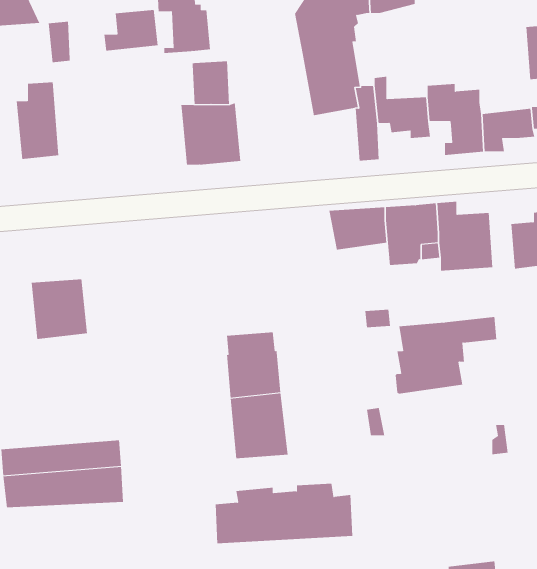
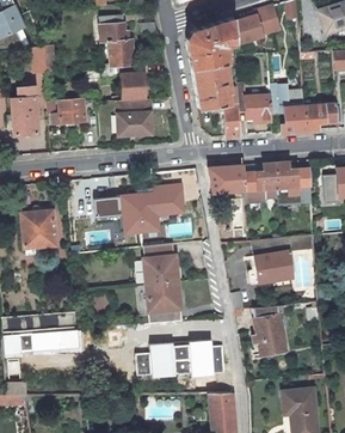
building: [103,9,158,51] -> [51,98,86,124]
building: none -> [94,182,185,233]
building: none -> [252,305,294,356]

